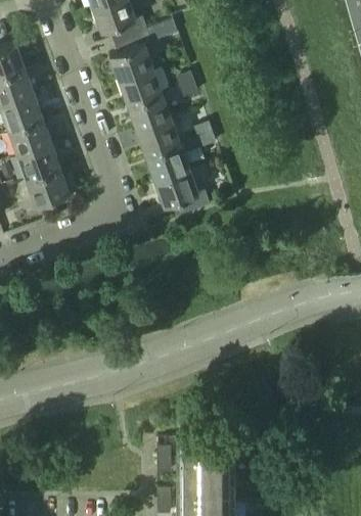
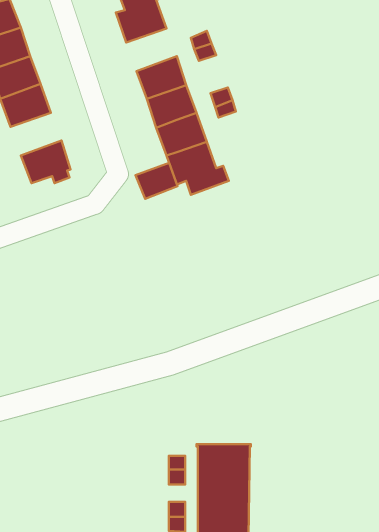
building: [119,68,164,106] -> none
building: [16,143,61,181] -> none
building: none -> [135,163,178,199]

